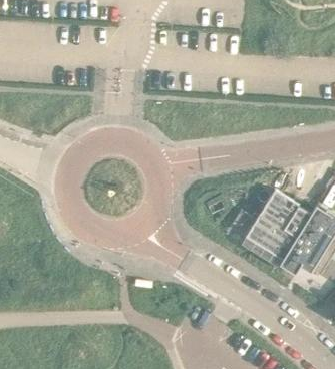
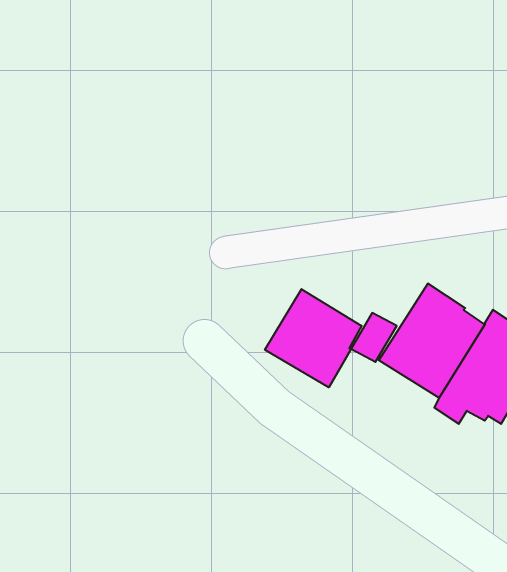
building: none -> [265,289,362,387]

